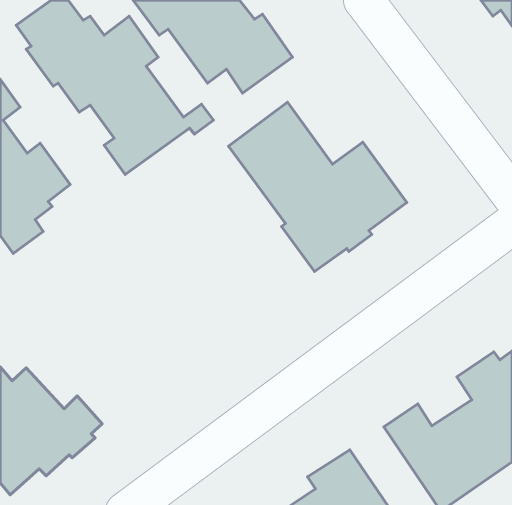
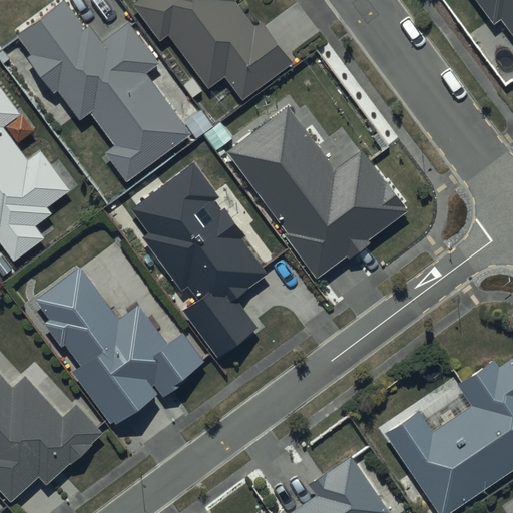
building: none -> [131,163,266,356]
building: none -> [36,268,202,426]

